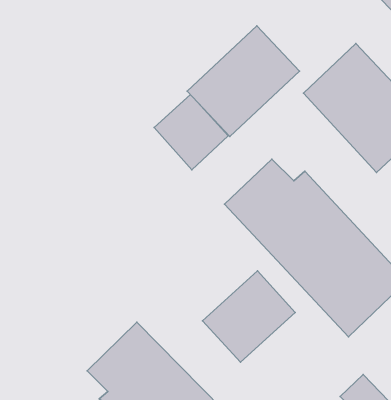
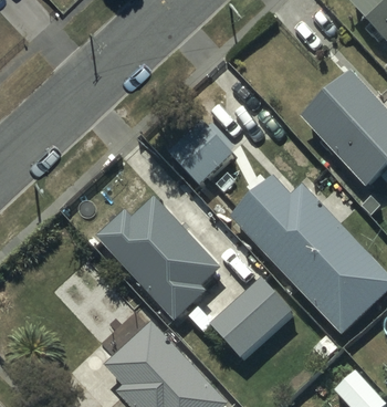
building: [187,26,299,137] -> none
building: none -> [95,199,220,322]

